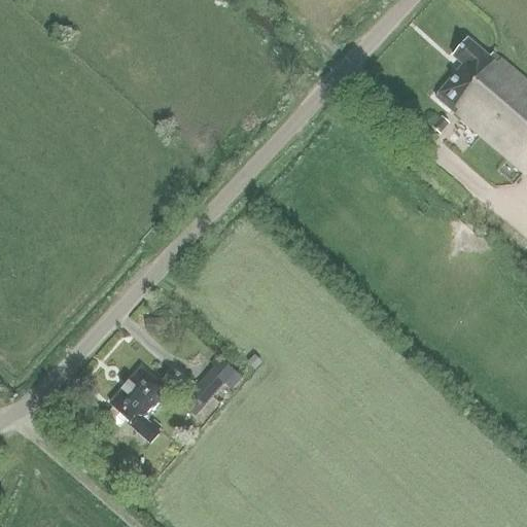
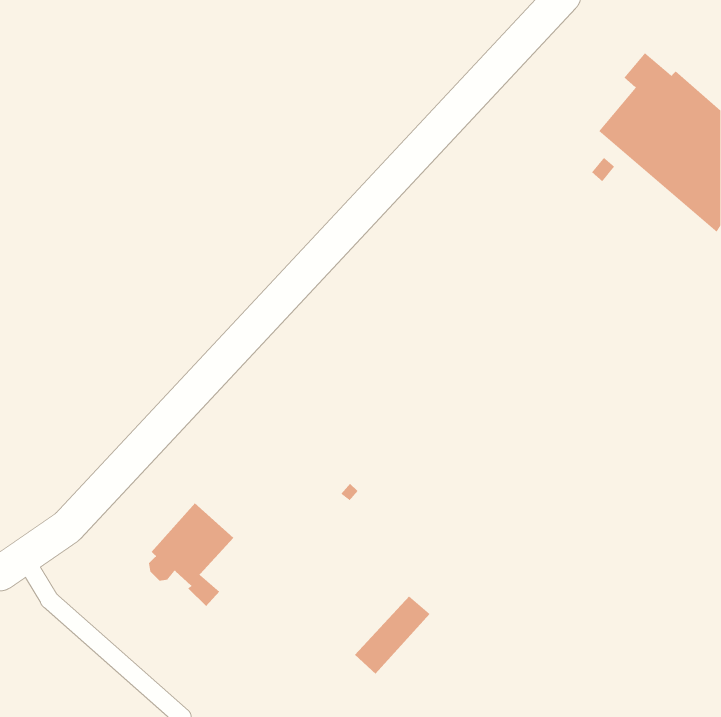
building: [180,358,236,416] -> [354,595,430,674]

